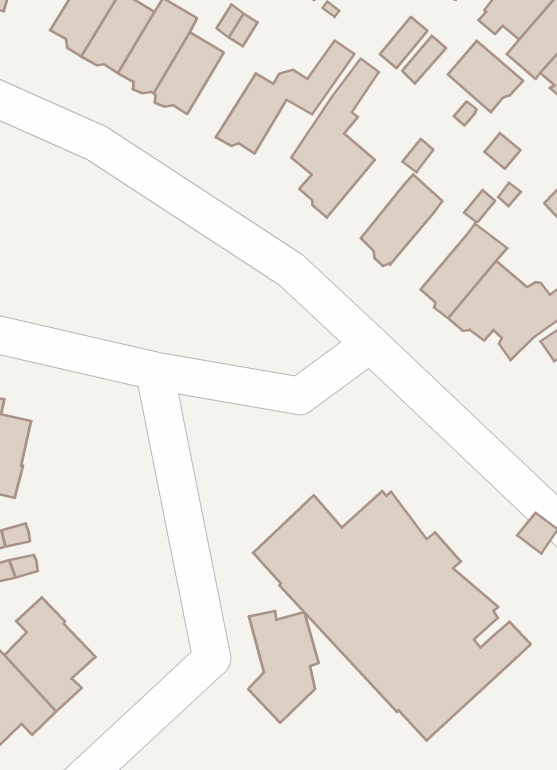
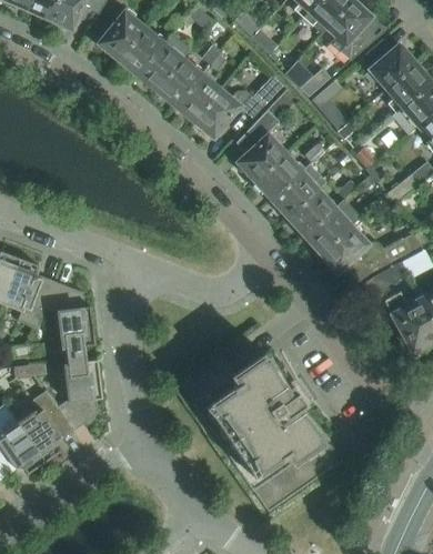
building: [448,41,523,112] -> none
building: none -> [175,72,221,123]
building: none -> [252,151,302,198]
building: none -> [286,188,335,234]
building: none -> [43,281,93,347]
building: [248,611,319,723] -> [56,362,101,431]

